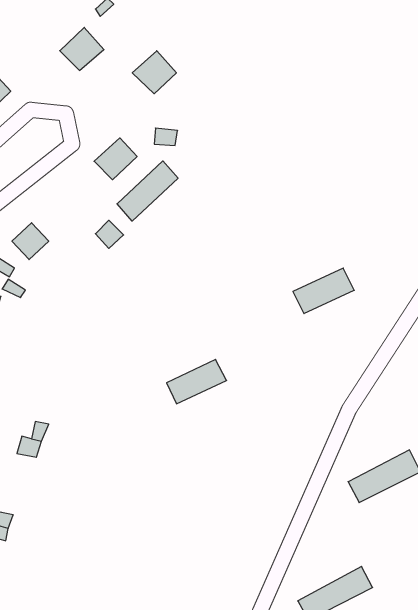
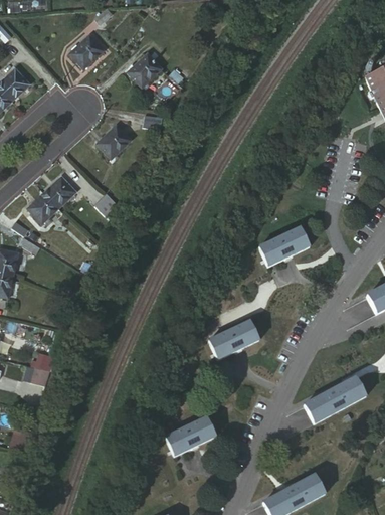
building: [117,161,178,221] -> none
building: none -> [45,177,79,213]
building: [167,359,227,404] -> [209,323,258,359]
building: none -> [166,418,216,457]

